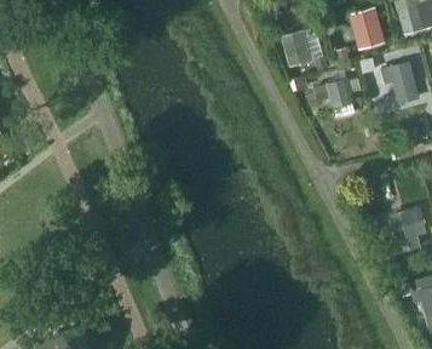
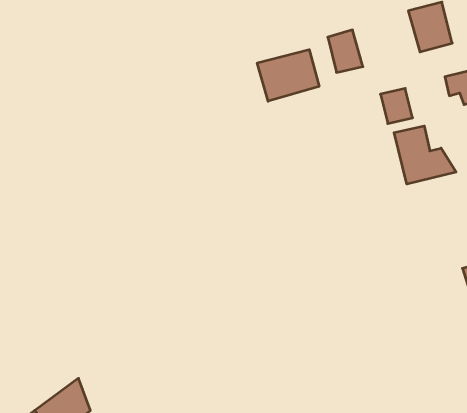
building: none -> [257,50,319,101]
building: none -> [394,126,456,184]

